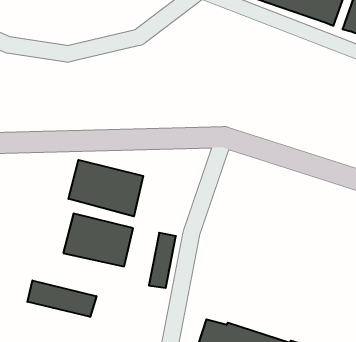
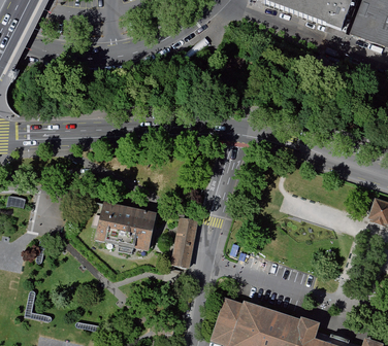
building: [68,160,143,216] -> none
building: [27,280,96,317] -> none

